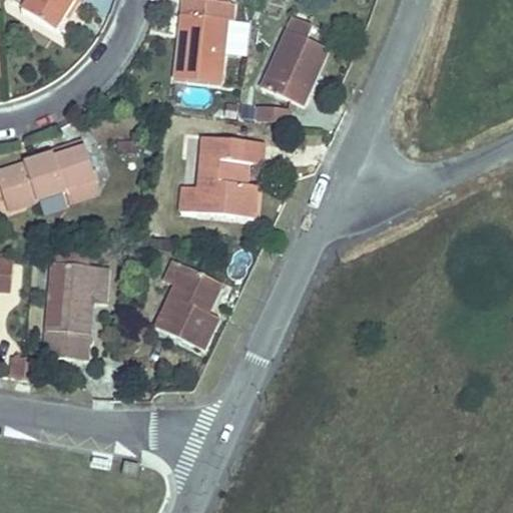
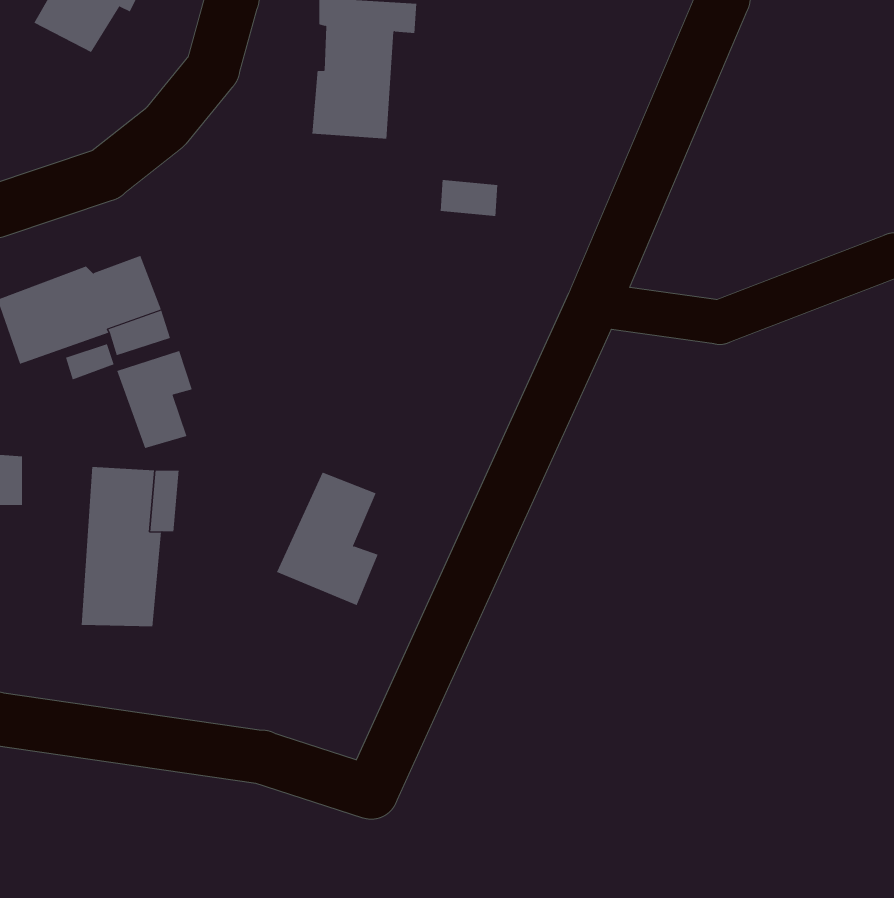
building: [262,13,328,103] -> none
building: [181,135,261,215] -> none
building: none -> [116,350,192,449]

